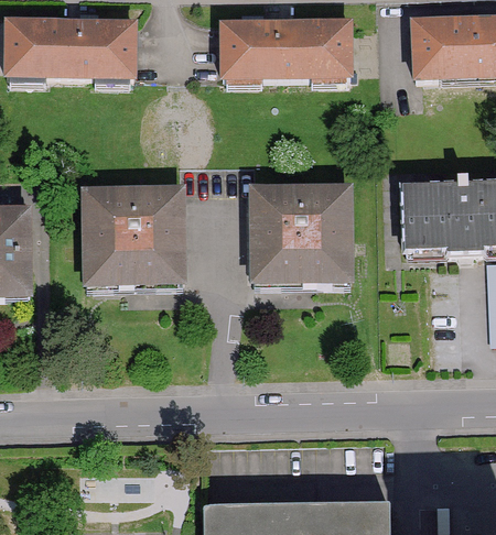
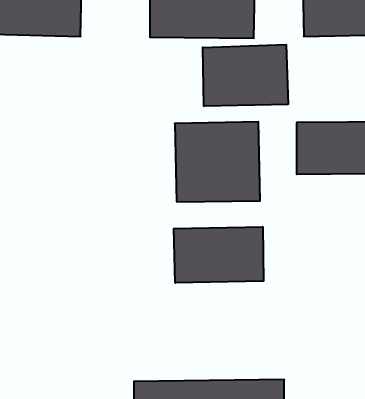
building: none -> [203,45,288,106]
building: [84,188,179,283] -> none
building: none -> [174,227,264,283]

